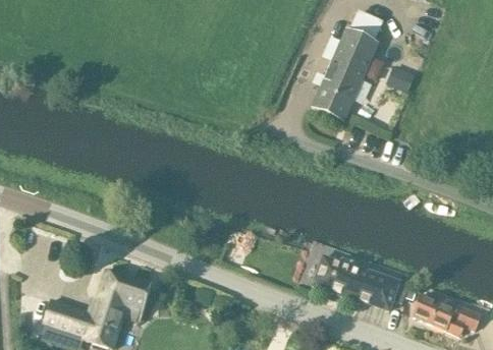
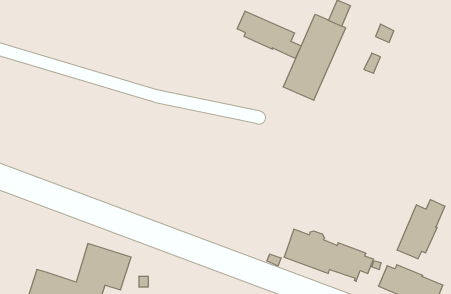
building: none -> [237,11,301,58]
building: none -> [397,200,445,259]

